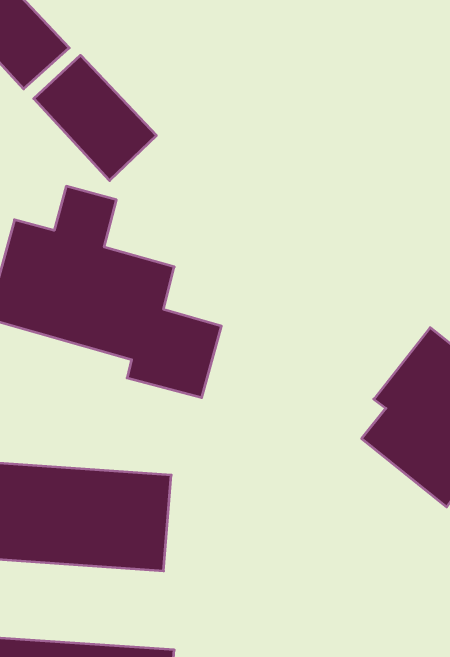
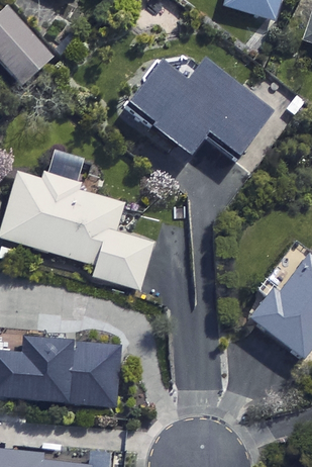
building: [34,55,156,181] -> none
building: none -> [120,63,269,158]

